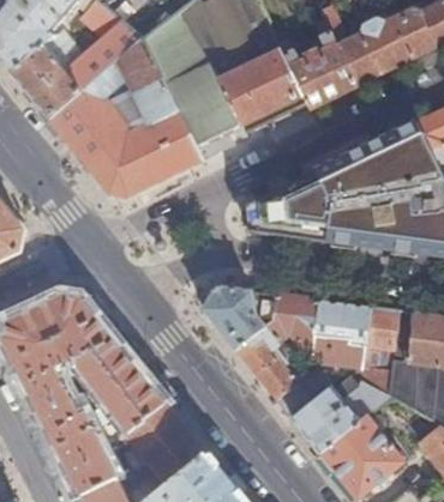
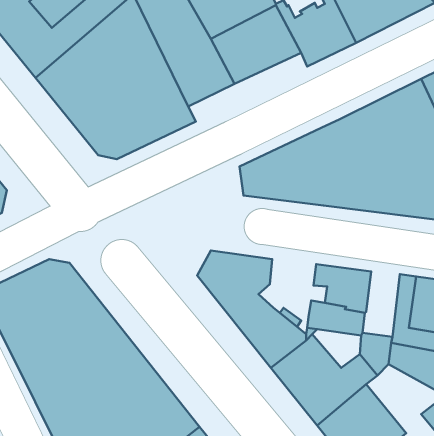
building: [262,294,317,349] -> none
building: [361,306,397,368] -> none

